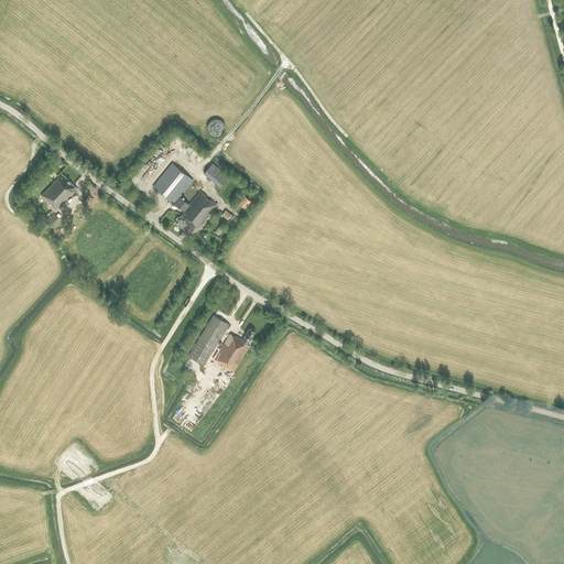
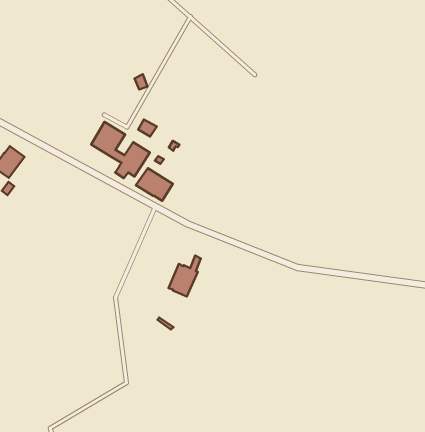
building: none -> [136,168,173,201]
building: [187,315,228,366] -> none

